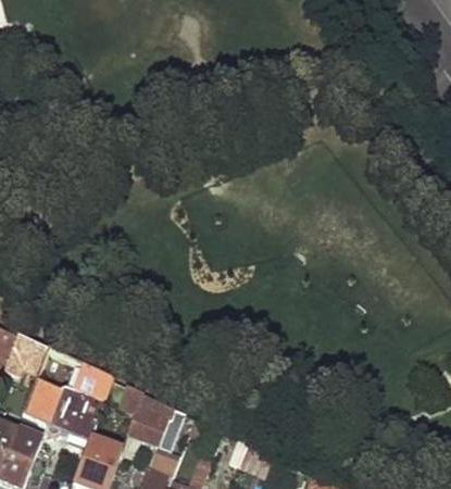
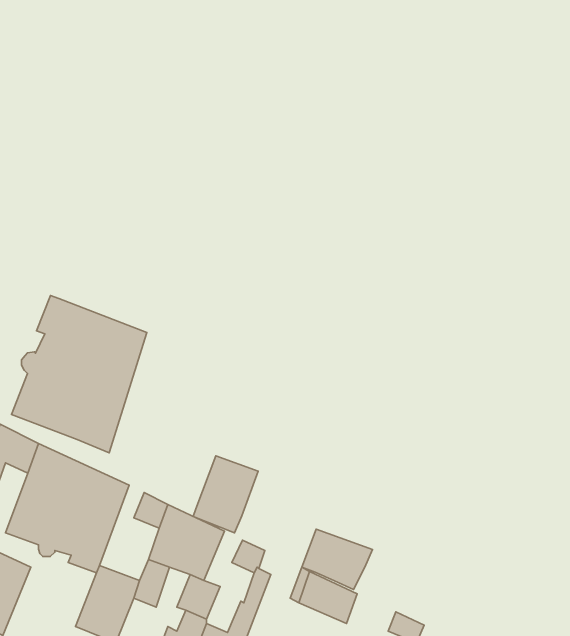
building: none -> [12,295,147,453]
building: none -> [193,456,258,533]
building: none -> [302,529,373,590]

